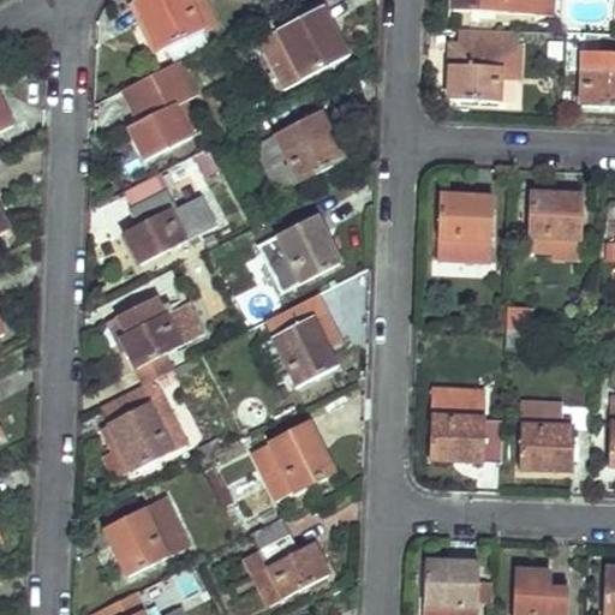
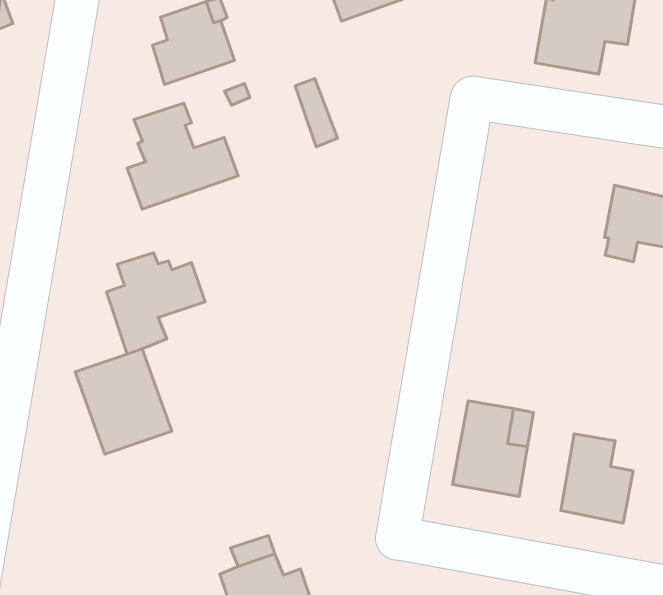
building: [275,118,342,180] -> none
building: [436,195,492,261] -> none
building: [257,215,339,292] -> none
building: [273,318,335,386] -> none
building: [252,423,332,500] -> none
building: [105,494,193,575] -> none

